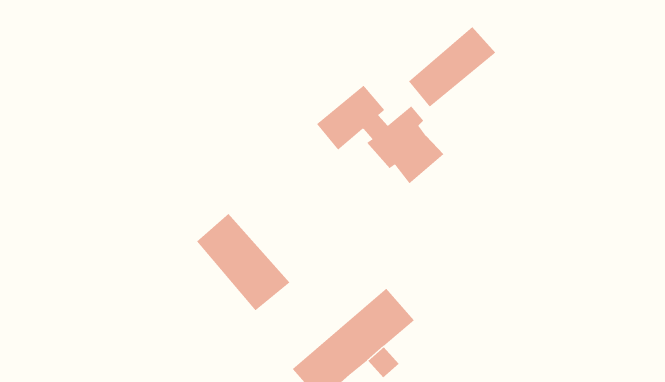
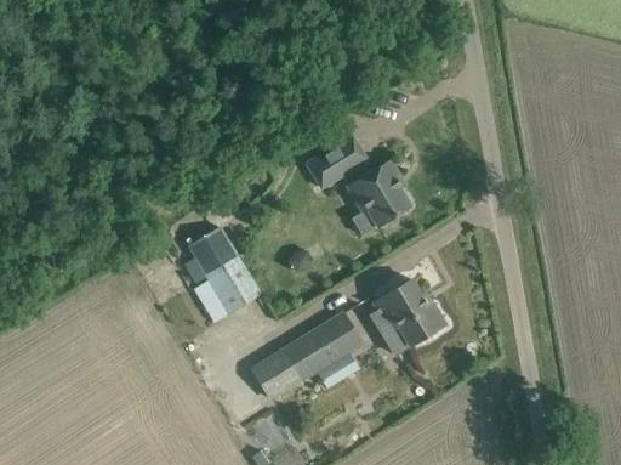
building: [408,26,496,107] -> none
building: none -> [368,279,444,356]

